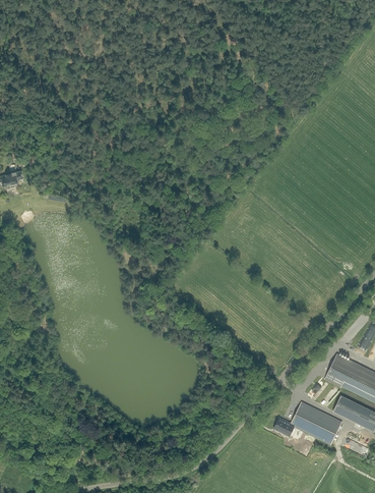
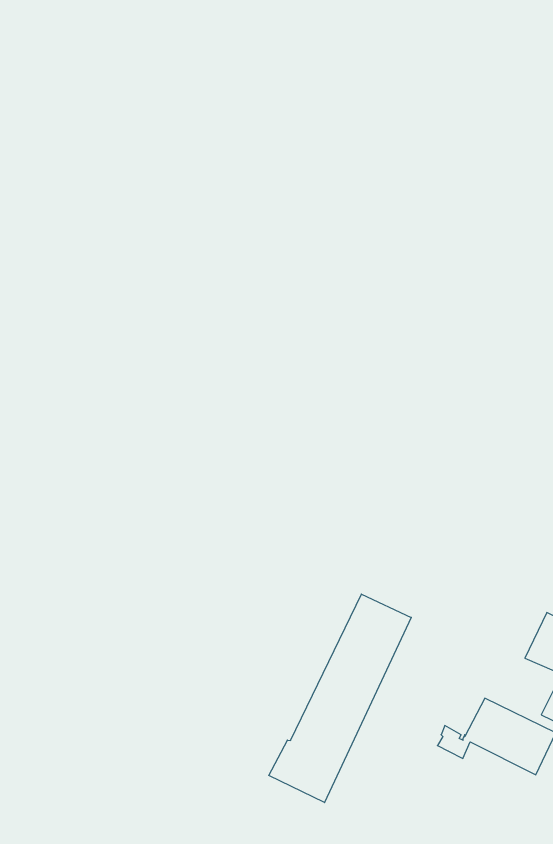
building: none -> [269,594,411,803]

